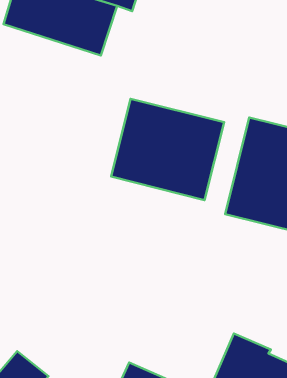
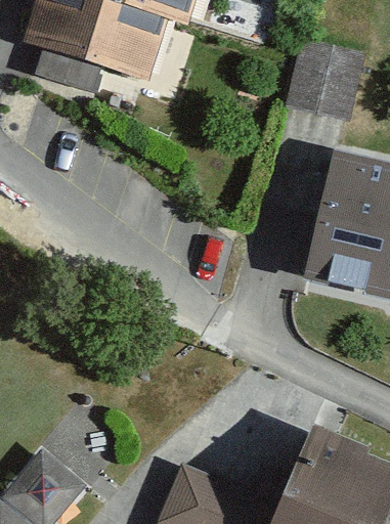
building: none -> [288,45,360,118]
building: [111,99,224,200] -> none

